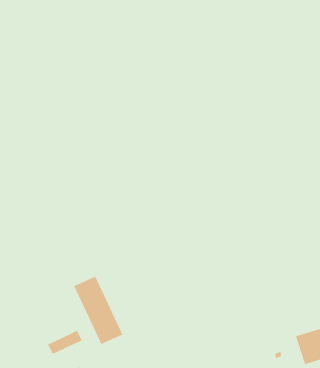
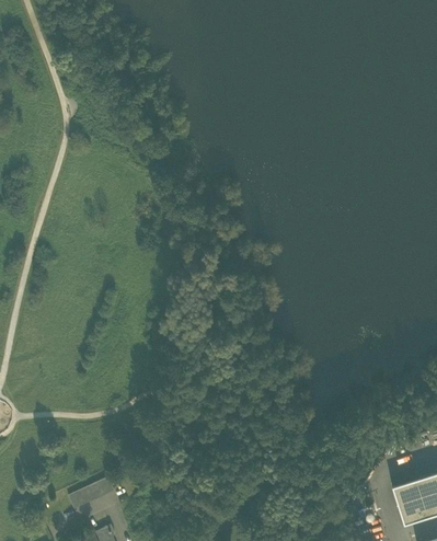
building: [73,276,123,345] -> none

